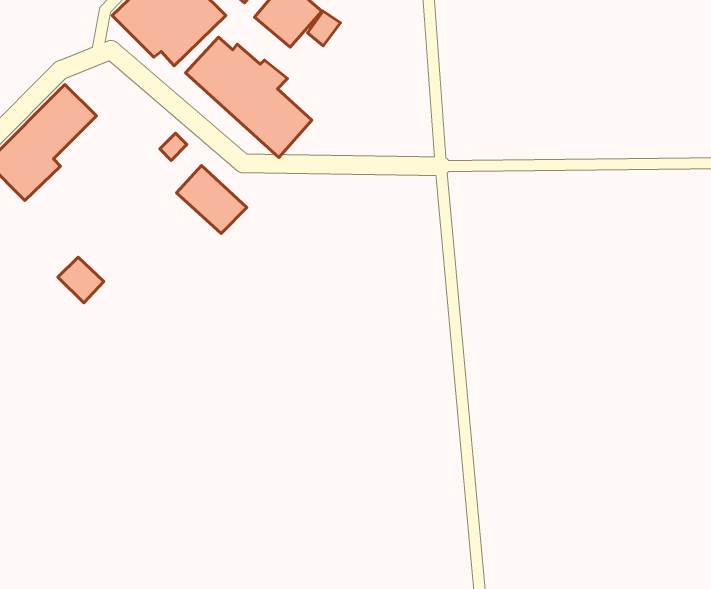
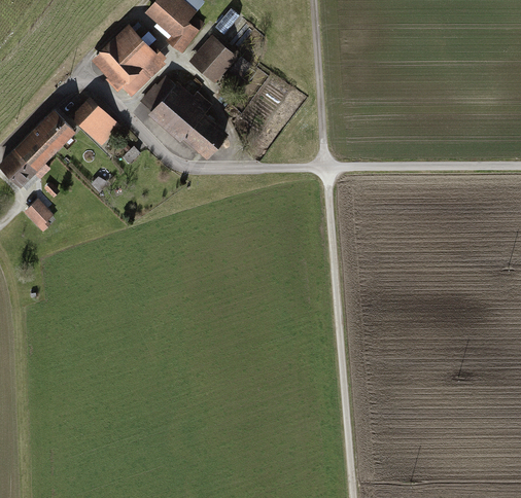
building: none -> [70,97,120,147]
building: [177,165,247,233] -> none
building: [58,257,104,303] -> [23,200,56,233]

